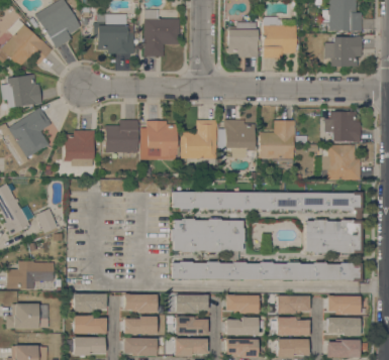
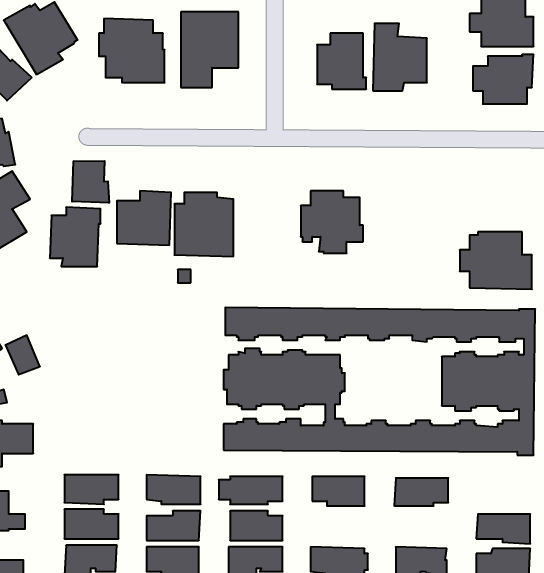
building: none -> [72,161,109,203]
building: [325,111,360,141] -> none
building: [181,119,217,158] -> none
building: [259,120,295,168] -> none
building: [326,295,360,314] -> none
building: [225,317,258,335] -> none
building: [271,317,309,335] -> none

